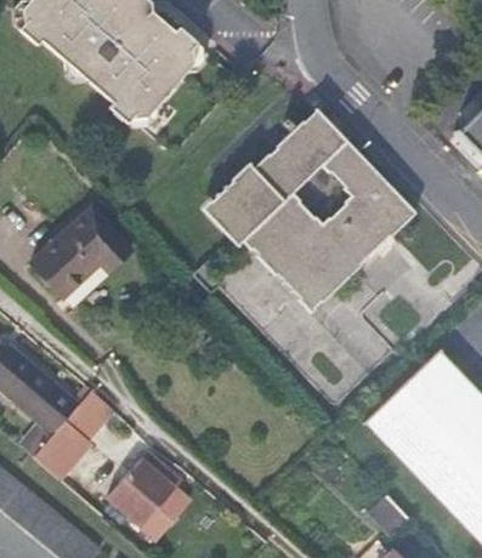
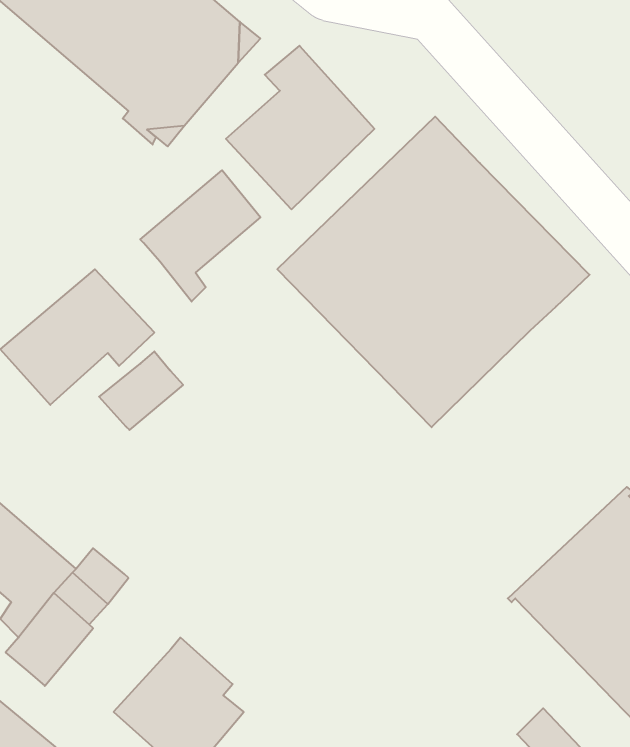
building: none -> [226,46,374,209]
building: none -> [140,170,260,302]
building: none -> [99,351,183,430]

